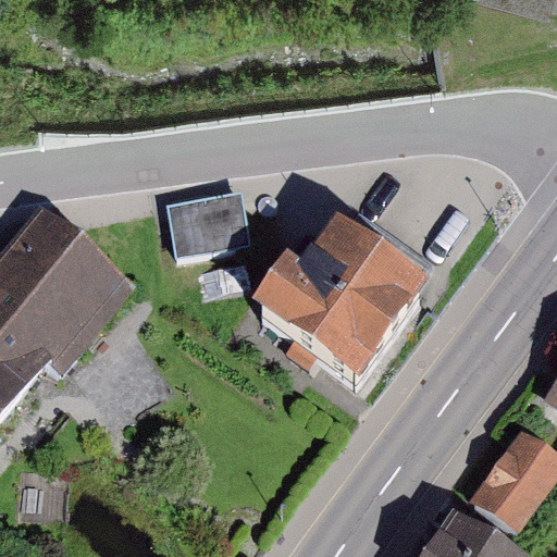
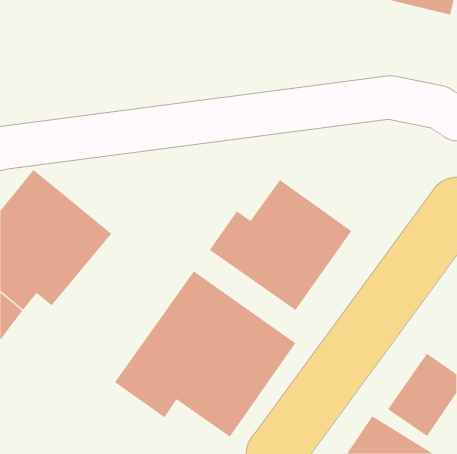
building: [170,190,251,256] -> none
building: none -> [114,271,296,437]

